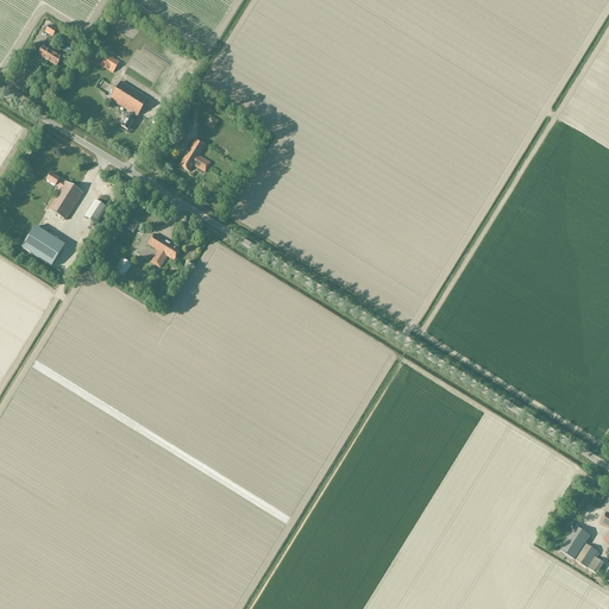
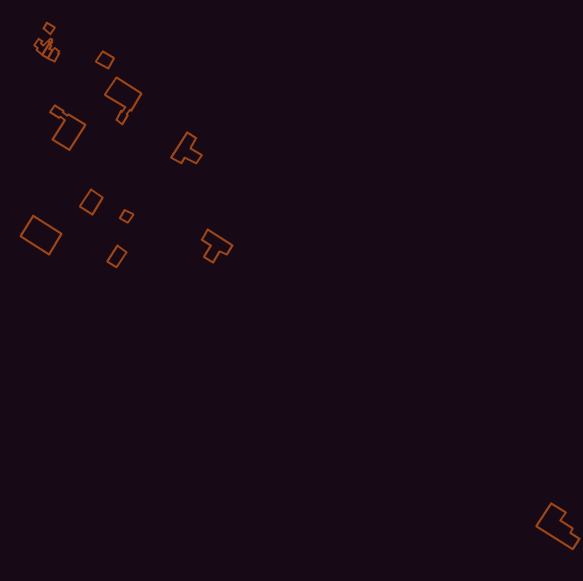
building: [46,172,83,219] -> [50,105,85,150]
building: [147,232,180,266] -> [202,230,233,263]

